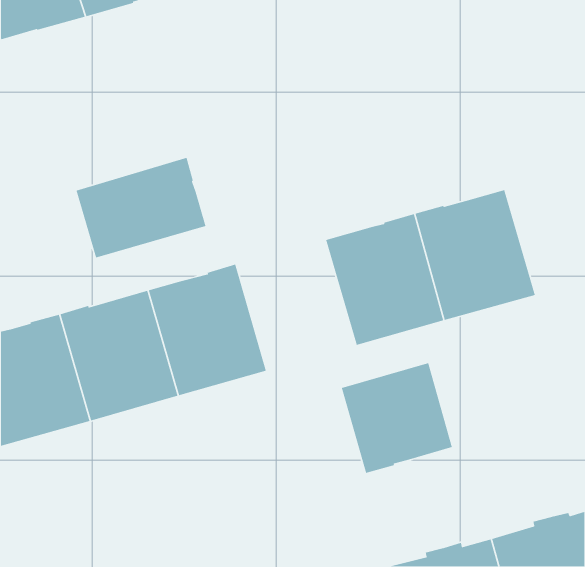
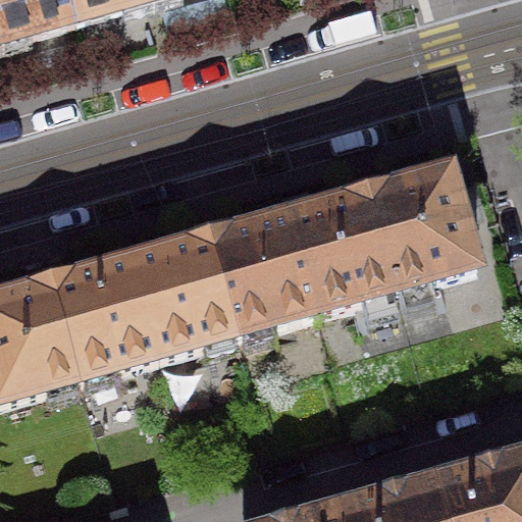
building: [76,157,207,258] -> none
building: none -> [210,213,317,330]
building: [341,362,453,474] -> none

